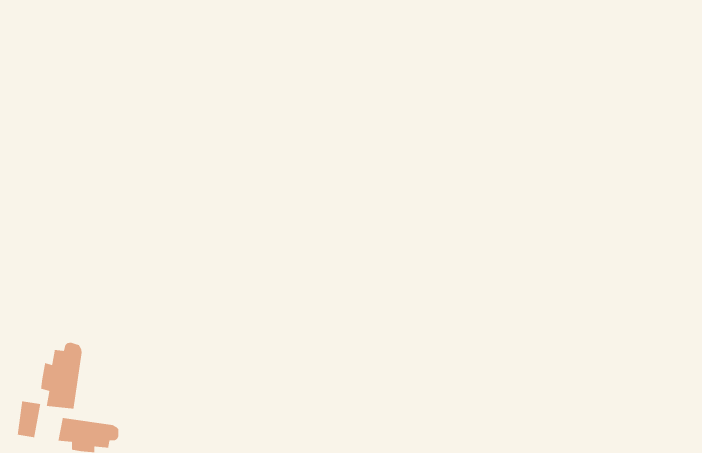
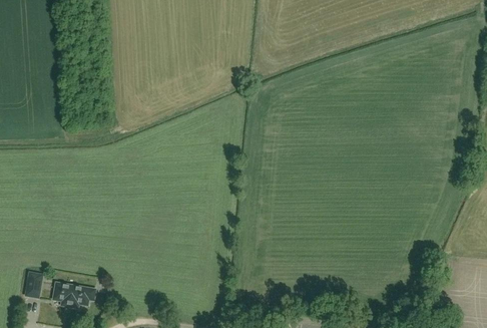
building: [40,342,83,410] -> none

